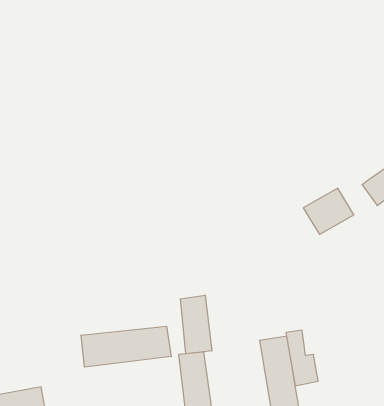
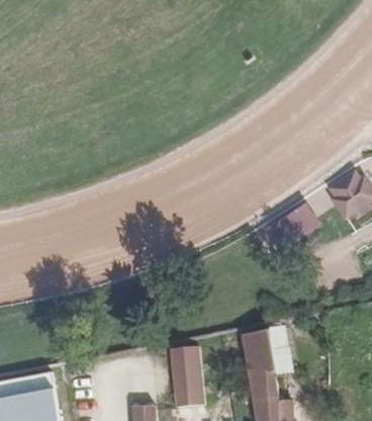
building: [180,295,212,354] -> none
building: [81,326,171,367] -> none

